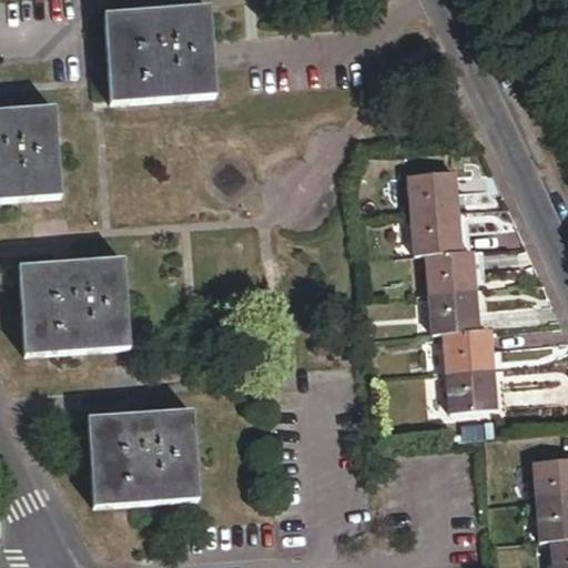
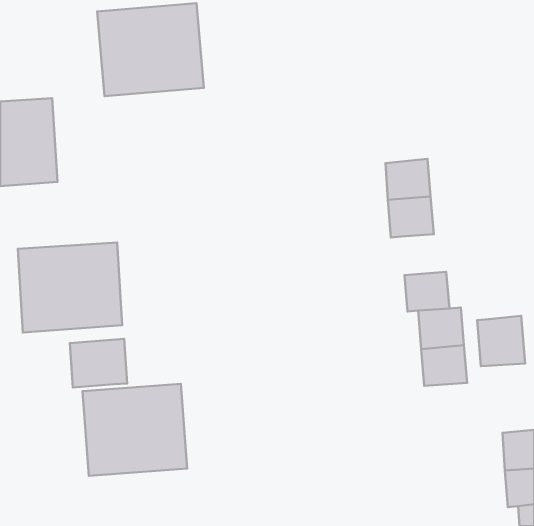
building: [426,247,474,292] -> none
building: none -> [477,316,525,366]
building: none -> [70,339,127,388]

